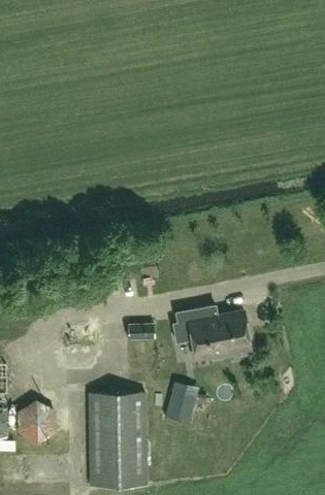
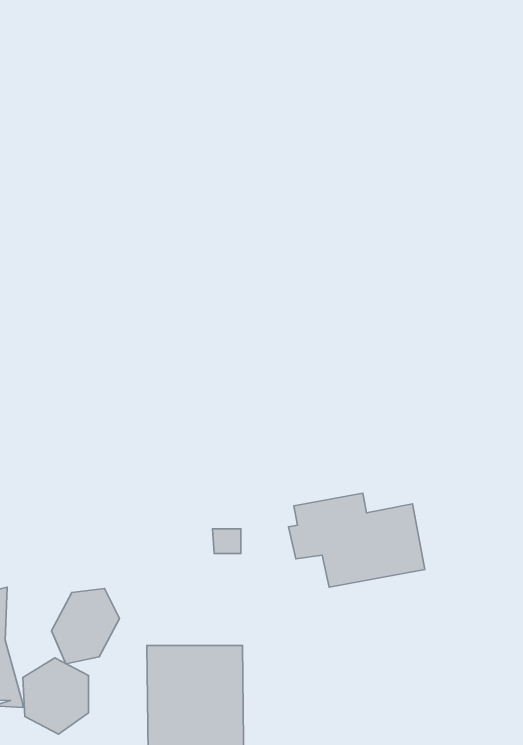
building: none -> [52,588,119,664]
building: [165,389,197,423] -> none

